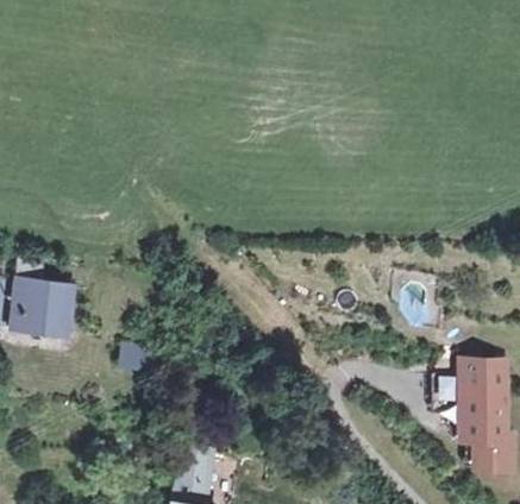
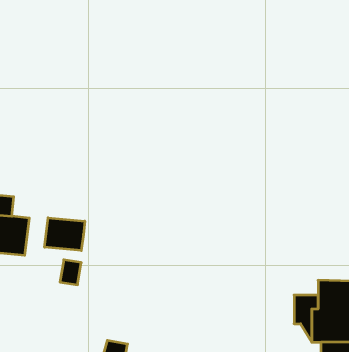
building: none -> [45,218,85,251]

